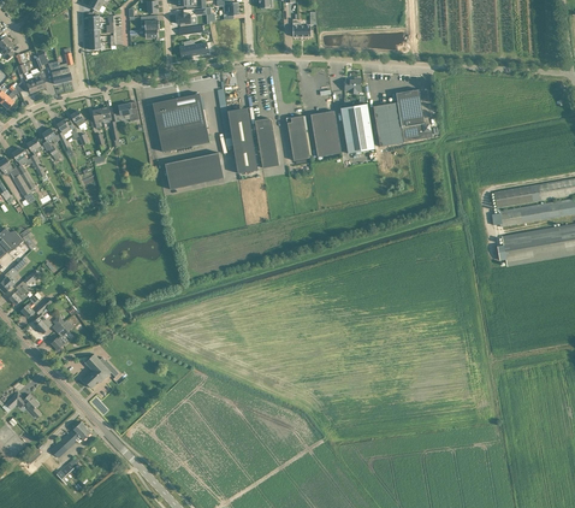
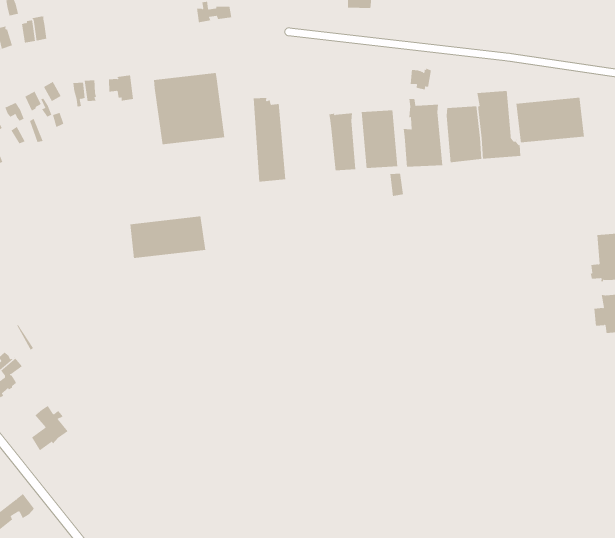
building: none -> [516,97,584,143]
building: [254,117,279,166] -> none
building: [165,152,224,188] -> [130,216,206,258]

